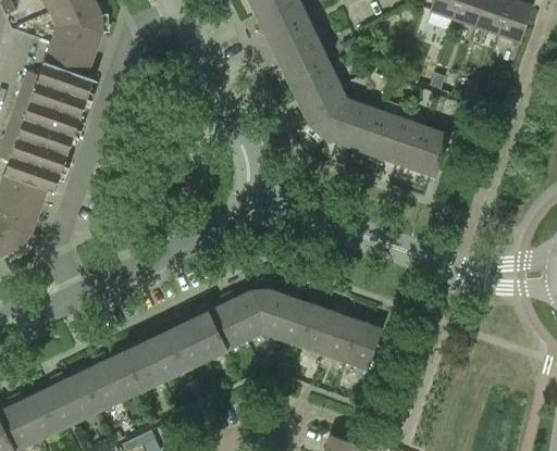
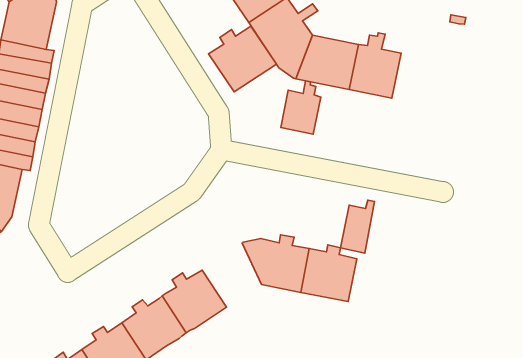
building: none -> [209,26,276,92]
building: [414,128,450,177] -> none
building: none -> [281,81,321,134]
building: [208,291,263,351] -> none
building: [345,320,384,371] -> [341,200,375,253]

